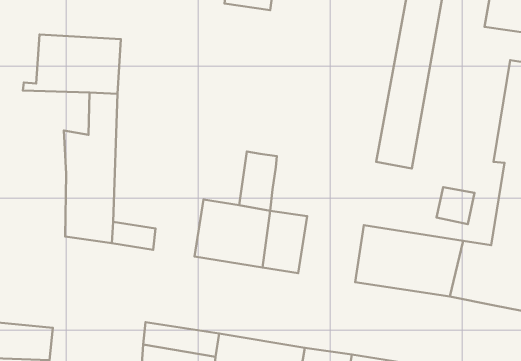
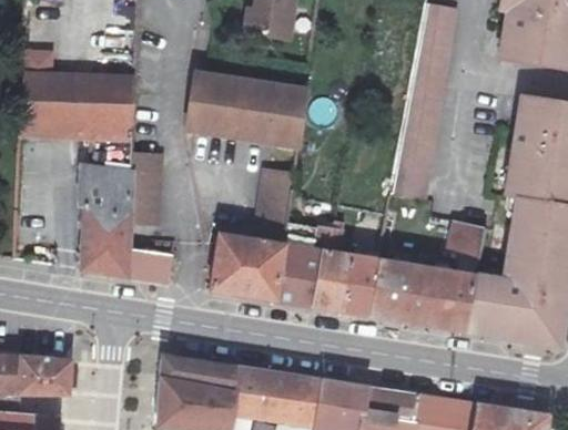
building: none -> [22,68,55,124]
building: none -> [189,74,305,147]
building: none -> [313,249,378,315]

